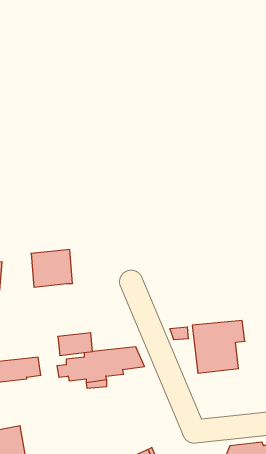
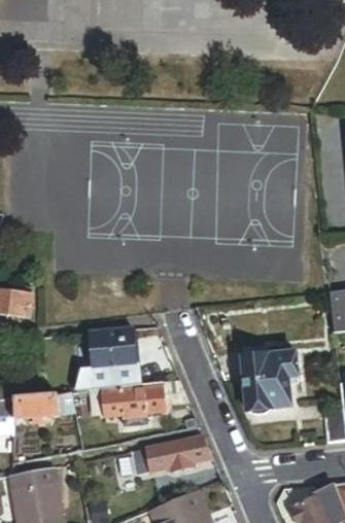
building: [31,250,73,287] -> [91,327,136,369]
building: none -> [126,435,212,474]

